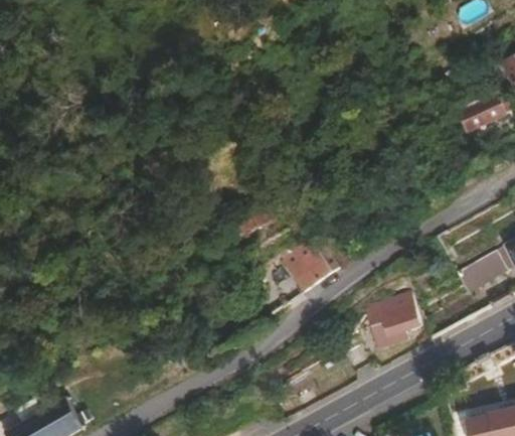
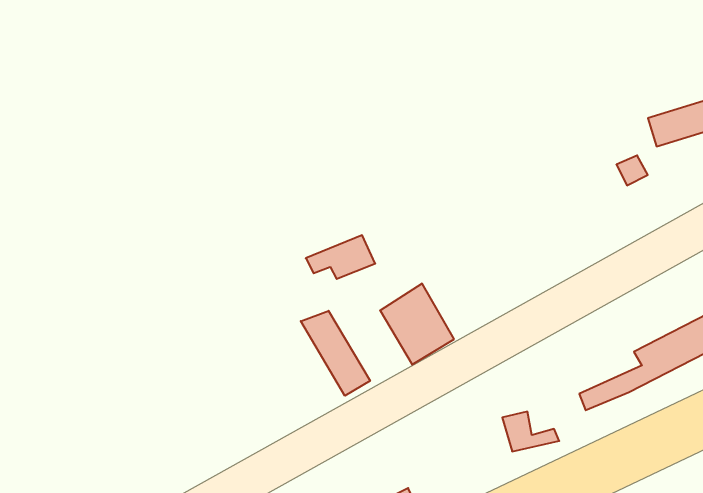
building: none -> [301,311,370,396]
building: [363,295,419,335] -> none

